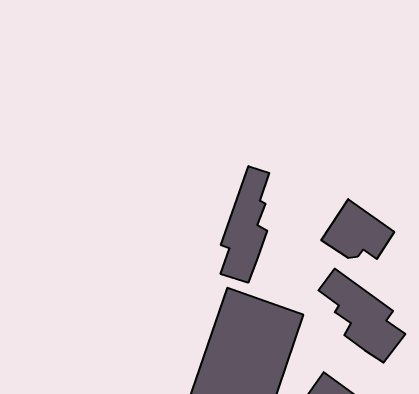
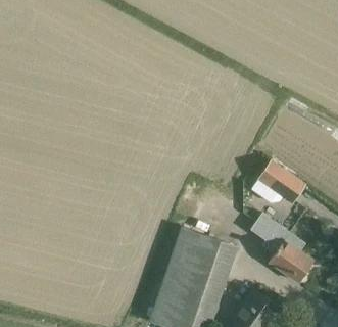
building: [221,166,269,283] -> none

